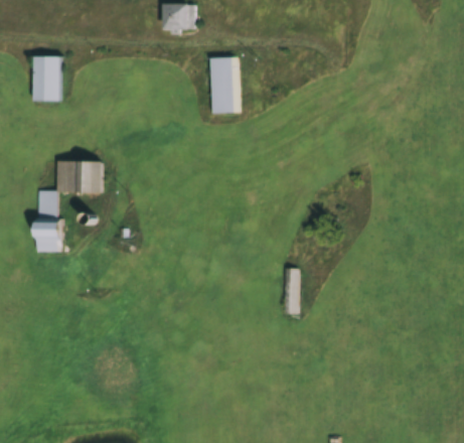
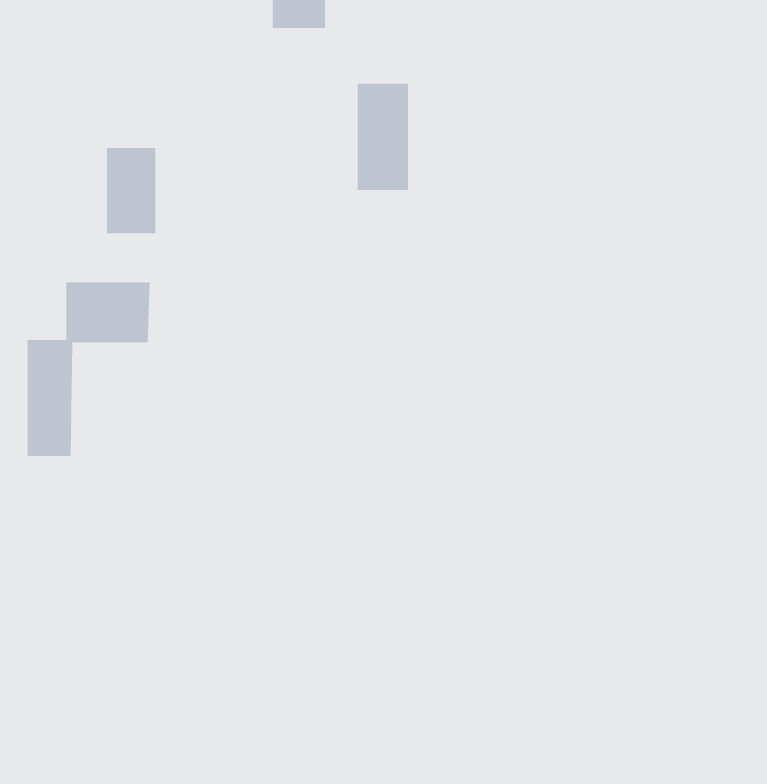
building: [34,55,60,101] -> [106,147,156,234]
building: [284,269,298,315] -> none

